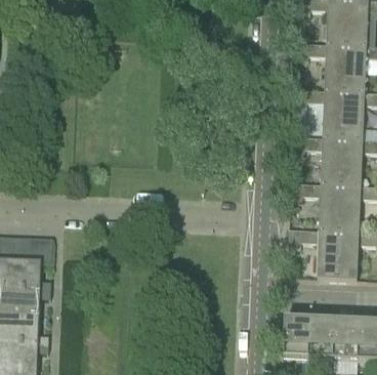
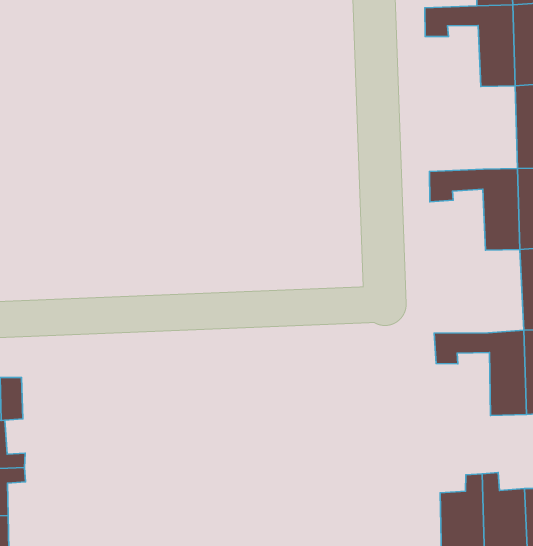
building: [293,91,344,140] -> none
building: [289,184,340,233] -> none

